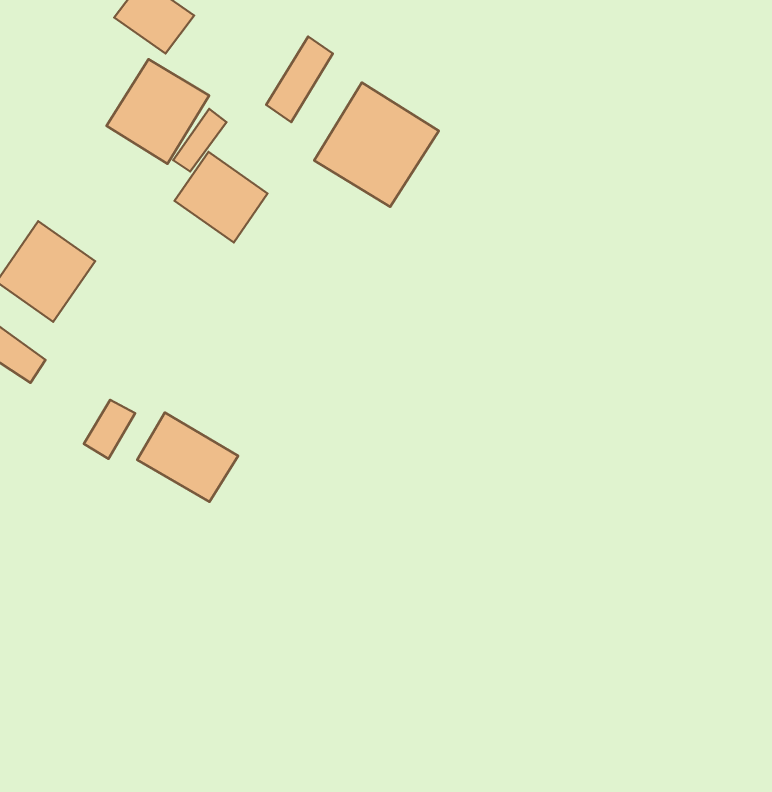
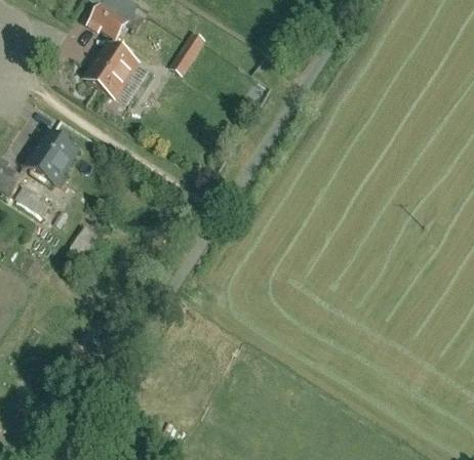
building: [314,83,439,207] -> none
building: [175,152,268,242] -> none
building: [137,412,238,502] -> none

